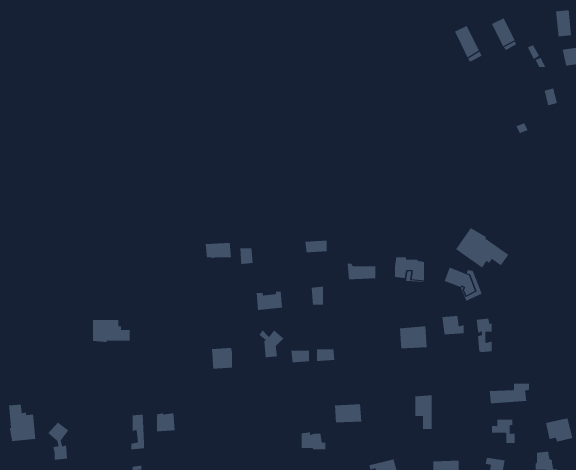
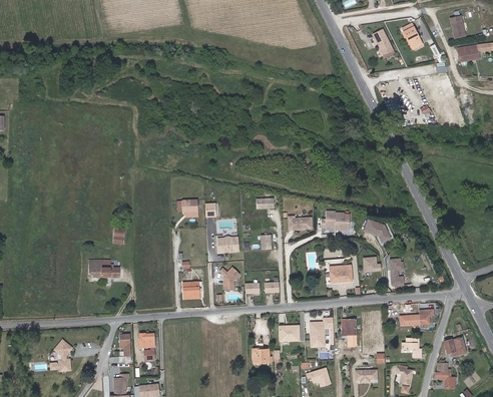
building: [455,227,509,268] -> none
building: none -> [310,318,333,346]
building: [9,404,36,442] -> none

